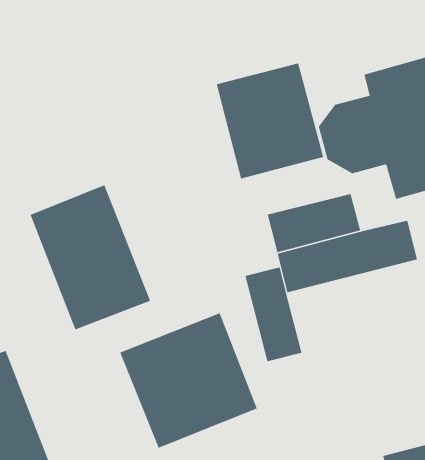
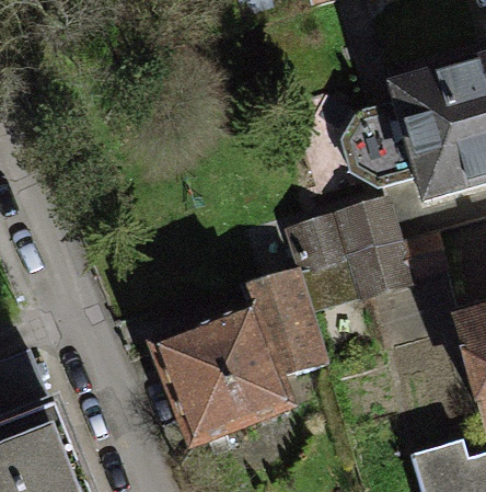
building: [216,62,324,179] -> none
building: [29,184,151,331] -> none

